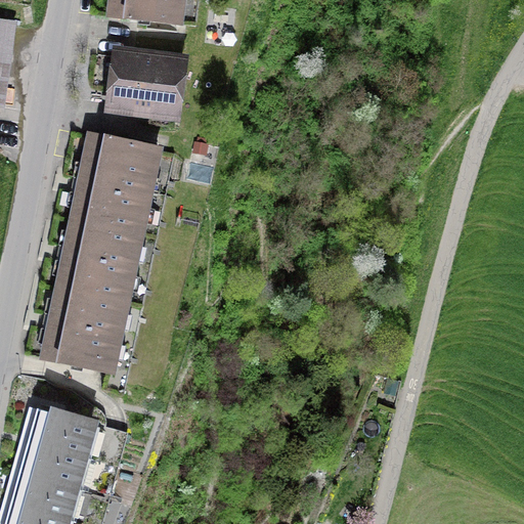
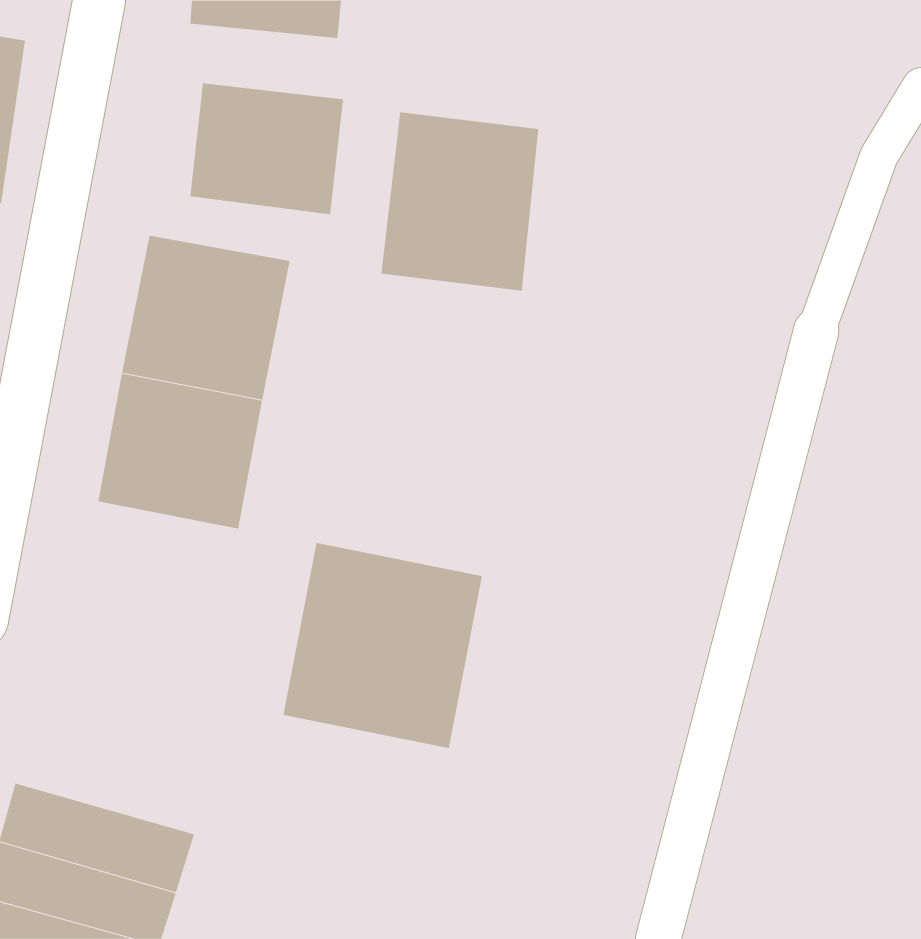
building: none -> [381,112,539,291]
building: [40,279,133,368] -> none
building: none -> [283,542,482,749]
building: [8,404,118,465] -> none

